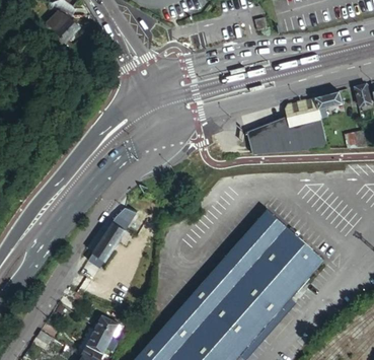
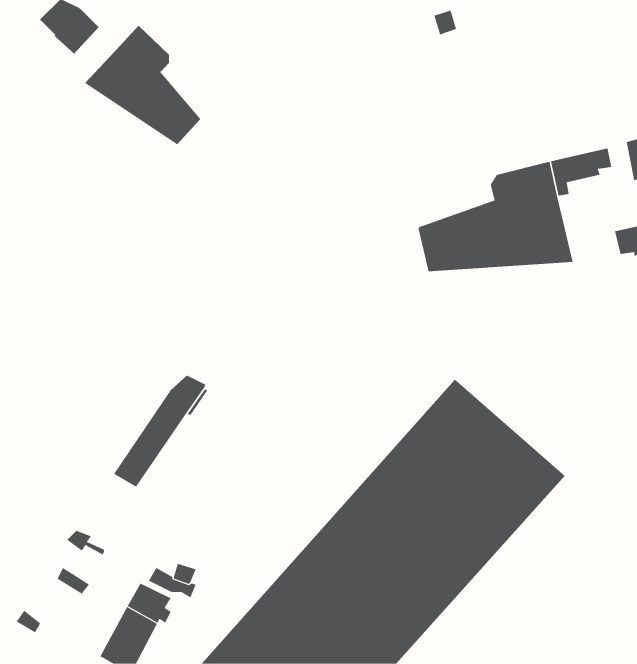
building: none -> [84,25,201,145]

